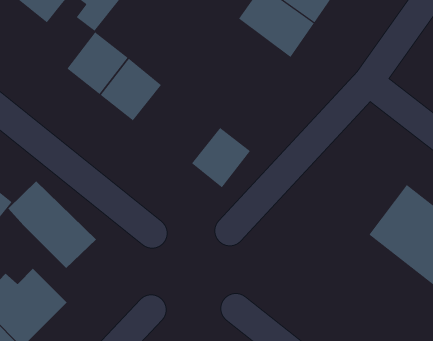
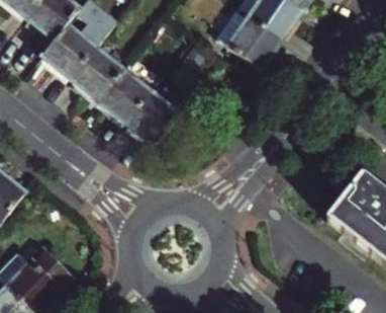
building: none -> [41,23,95,77]
building: [191,127,251,188] -> [127,91,178,143]
building: [8,181,97,269] -> none

